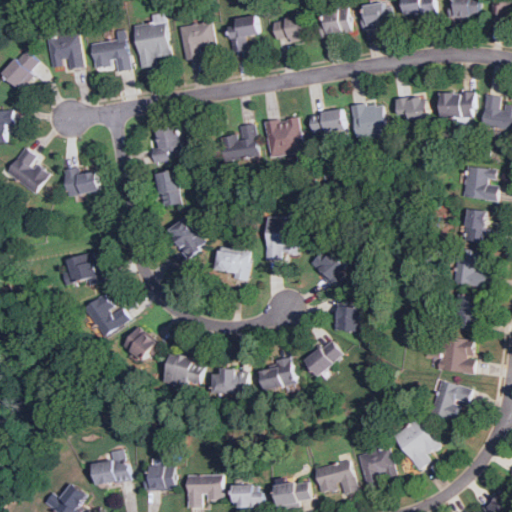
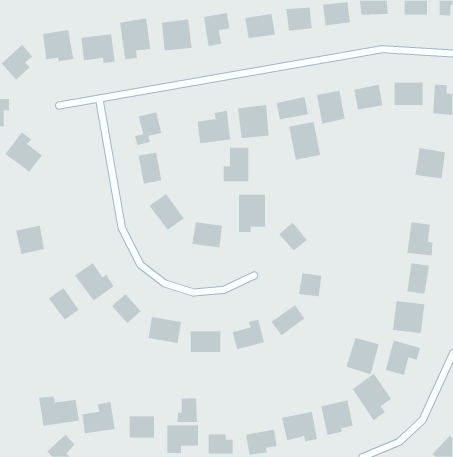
building: none -> [289,121,321,160]
building: none -> [223,147,249,182]
building: [63,168,97,195] -> none
building: [464,209,491,243] -> none
building: [66,252,99,285] -> [15,225,45,255]
building: none -> [48,287,80,321]
building: none -> [346,337,380,375]
building: none -> [38,396,80,426]
building: none -> [177,397,197,423]

